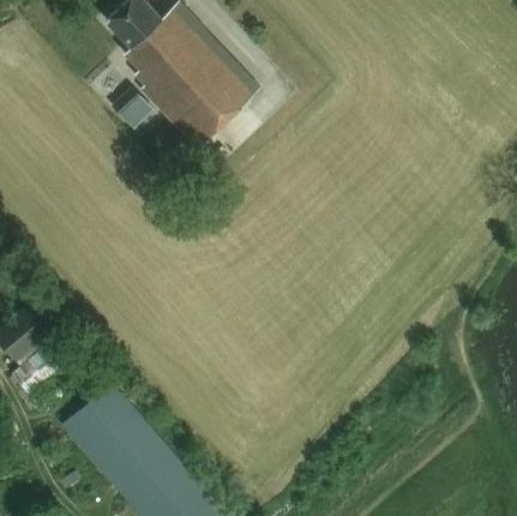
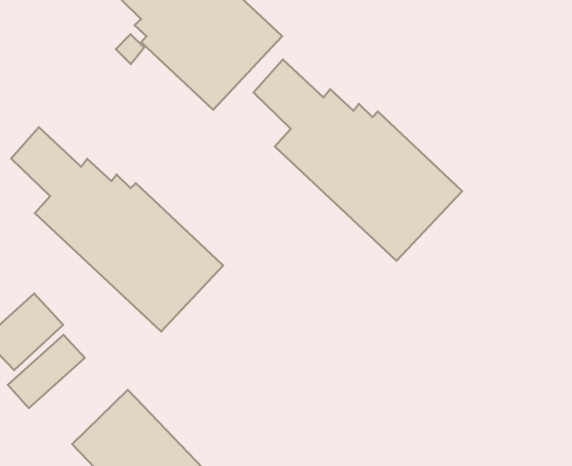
building: none -> [254,59,462,261]
building: none -> [11,127,223,332]

